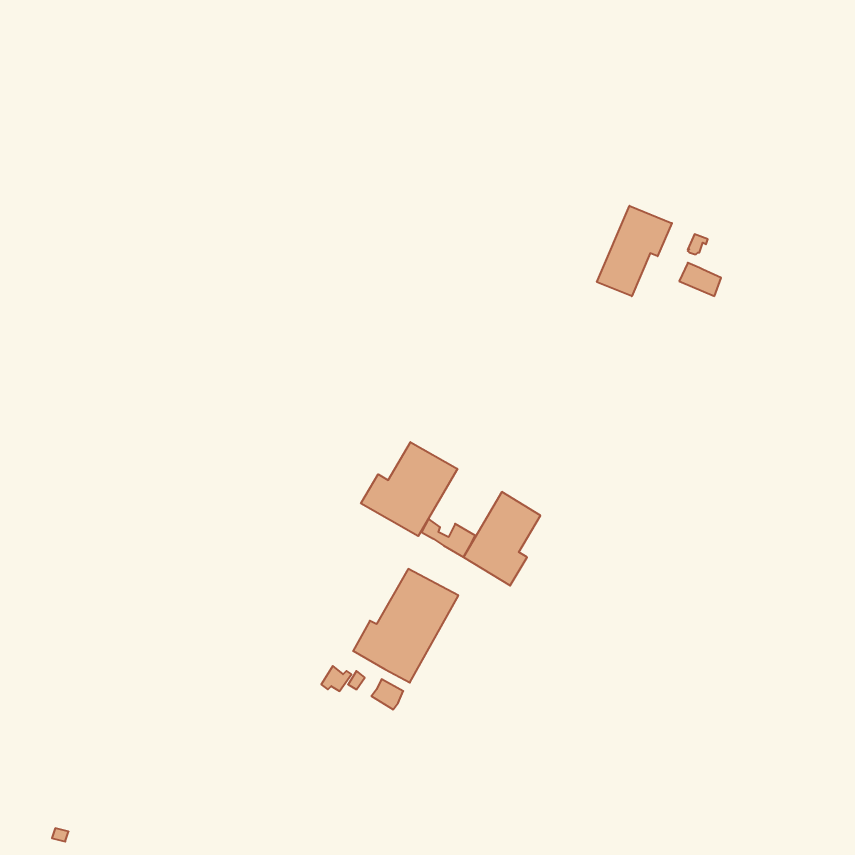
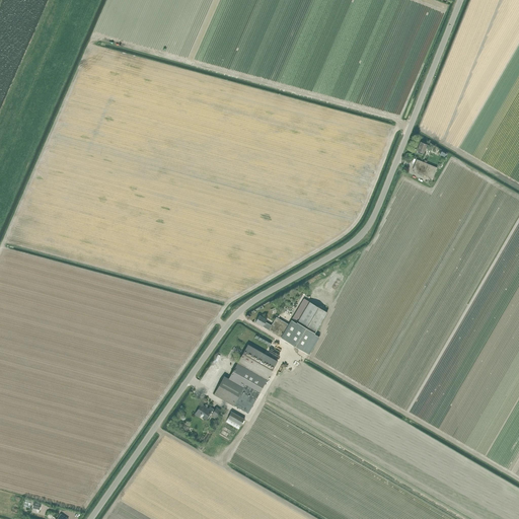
building: [597,206,672,296] -> none
building: [361,442,457,536] -> none

